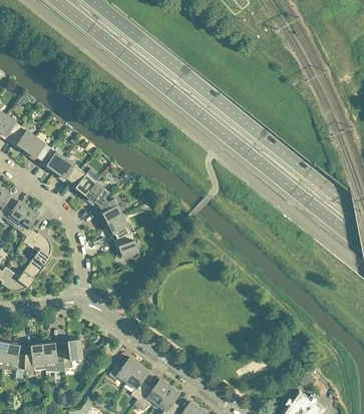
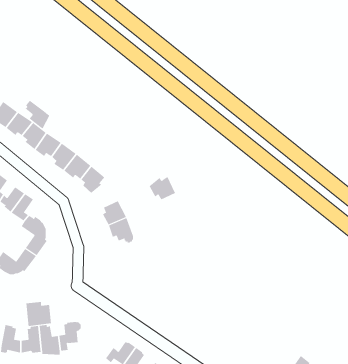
building: none -> [25,100,50,129]
building: [95,198,122,223] -> [149,176,176,200]
building: none -> [26,301,52,327]

